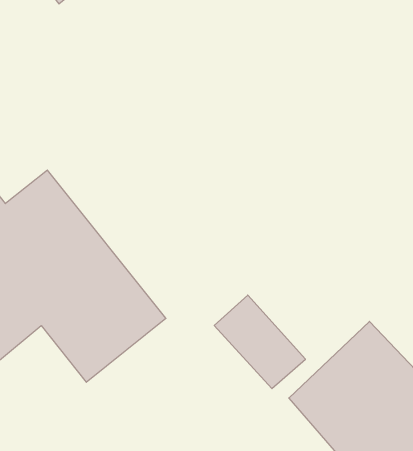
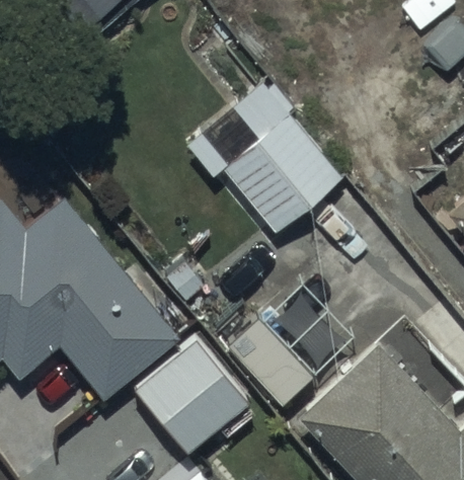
building: none -> [224,115,342,234]
building: none -> [136,333,258,454]

